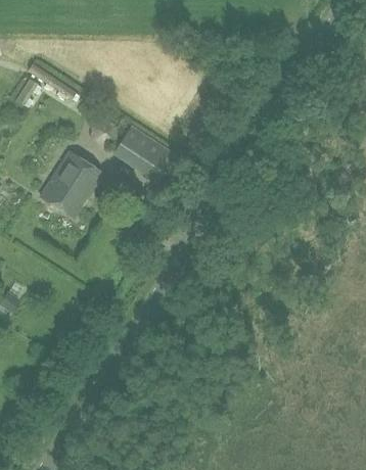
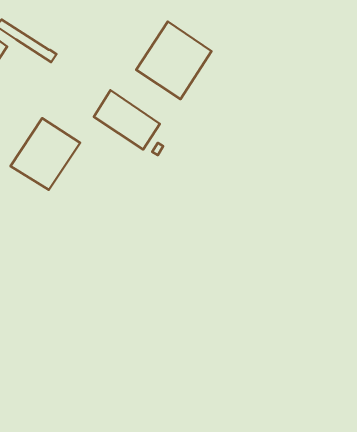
building: none -> [136,21,211,99]

